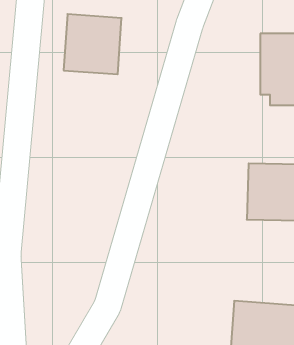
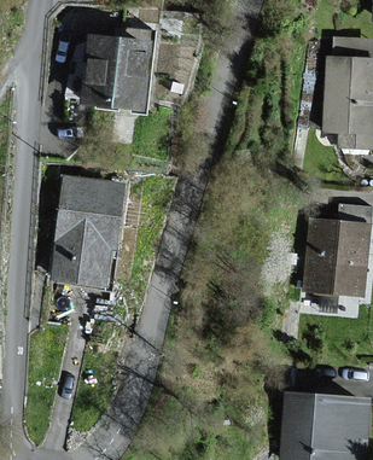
building: none -> [48,177,126,289]

